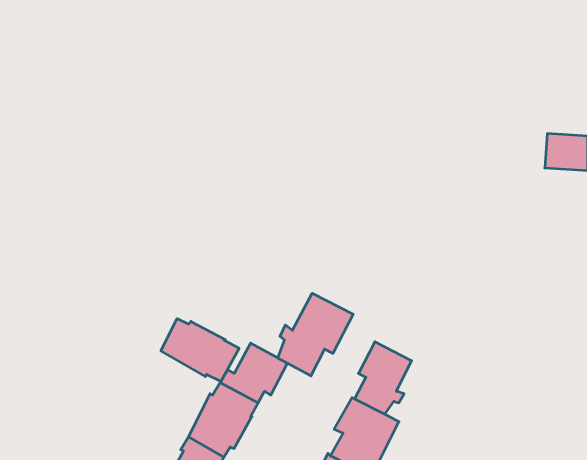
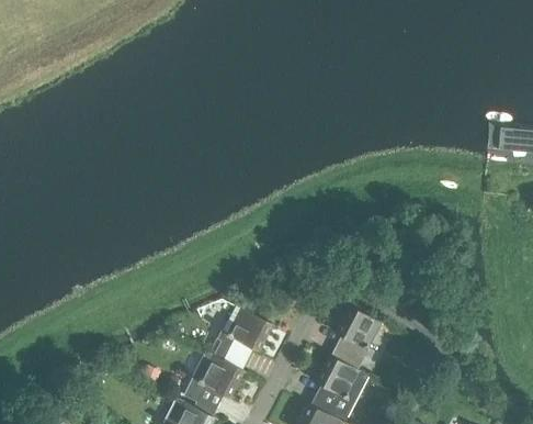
building: [278,293,353,376] -> none
building: [161,319,239,381] -> none

